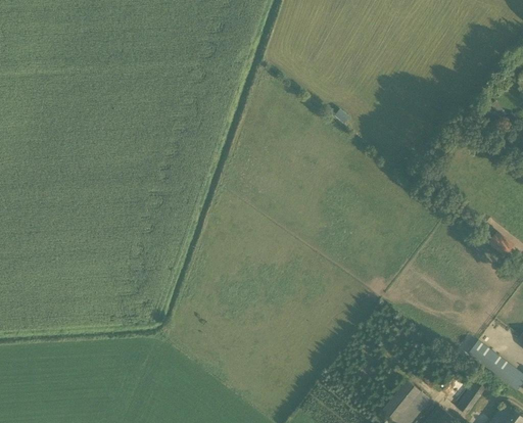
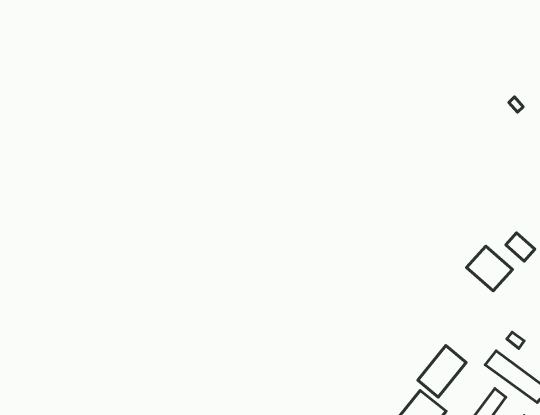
building: none -> [467,246,513,291]
building: none -> [418,346,466,397]

